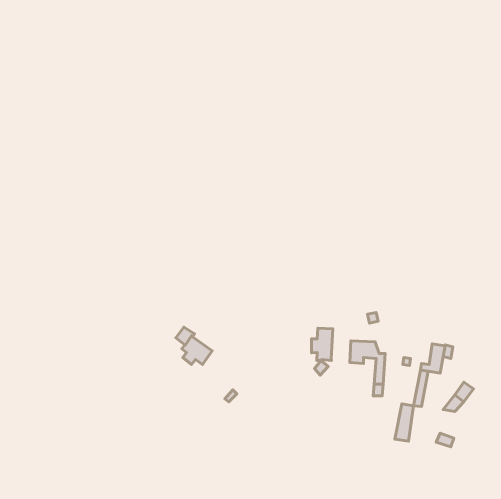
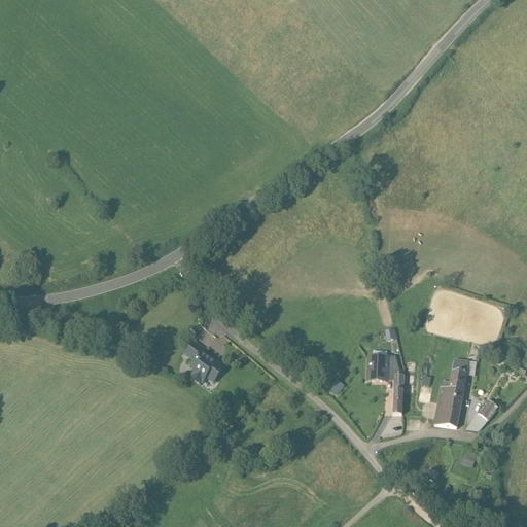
building: [311,328,333,360] -> none
building: [395,404,414,441] -> [442,389,461,428]

